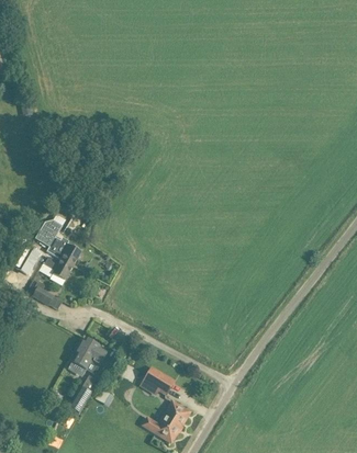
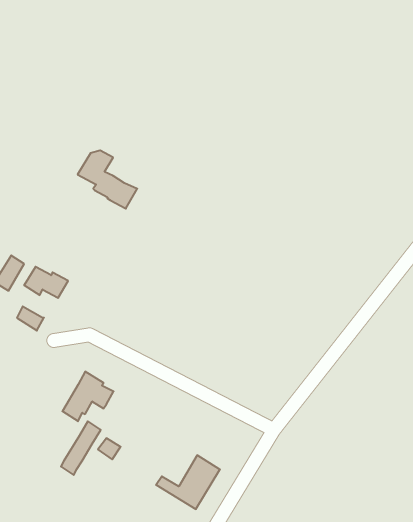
building: [35,220,81,265] -> [78,150,137,209]
building: [143,366,175,394] -> none

